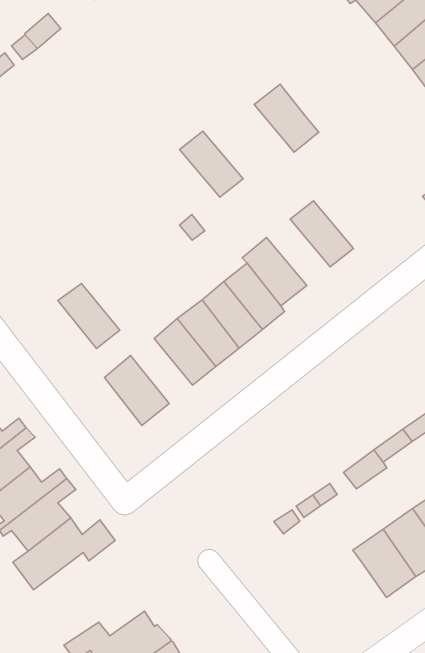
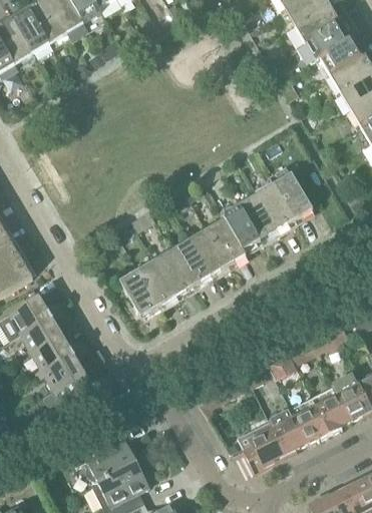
building: [254,84,319,152] -> [273,173,313,219]
building: [180,131,243,197] -> [239,194,278,239]
building: [58,284,120,349] -> [138,261,176,305]
building: none -> [242,427,285,469]

